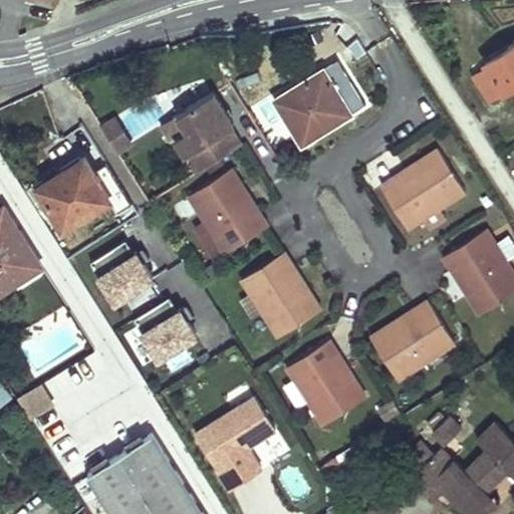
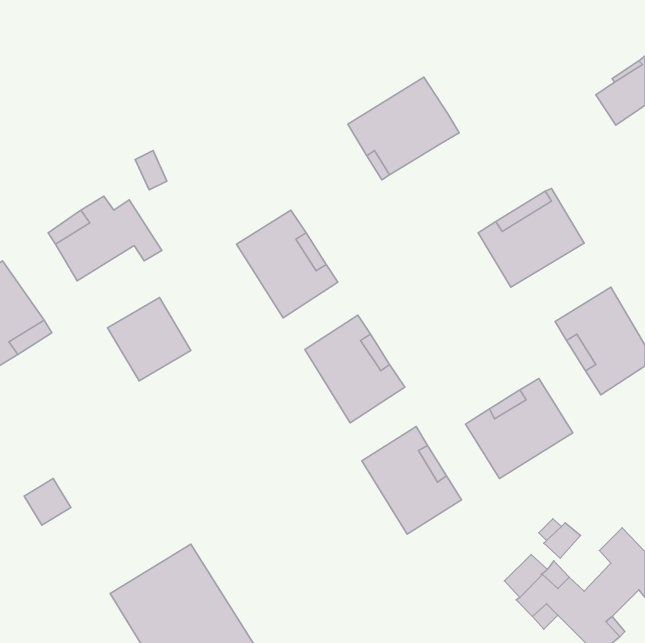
building: [176,93,241,173] -> none
building: [130,296,195,362] -> none
building: [190,396,275,493] -> none

